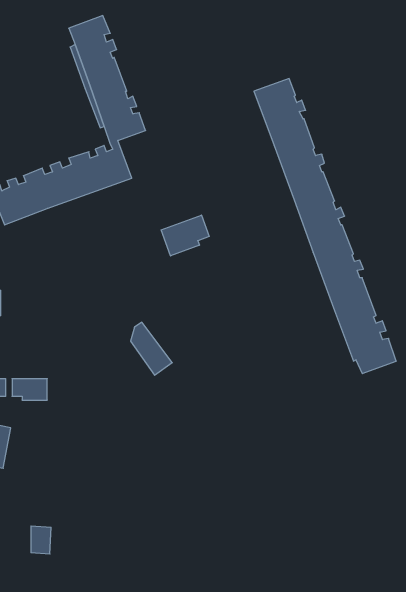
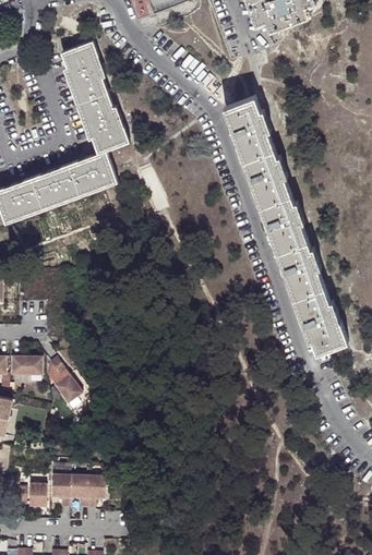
building: [161,215,209,256] -> none
building: [131,322,172,375] -> [46,360,82,406]
building: none -> [51,475,106,508]

